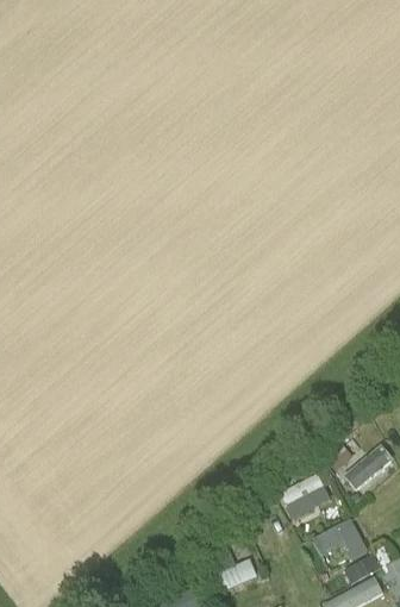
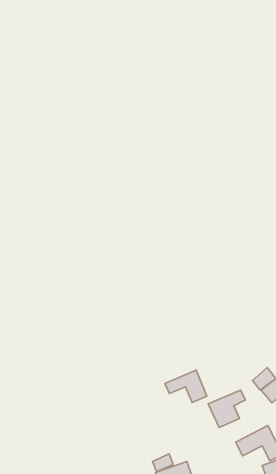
building: none -> [165,370,207,403]

